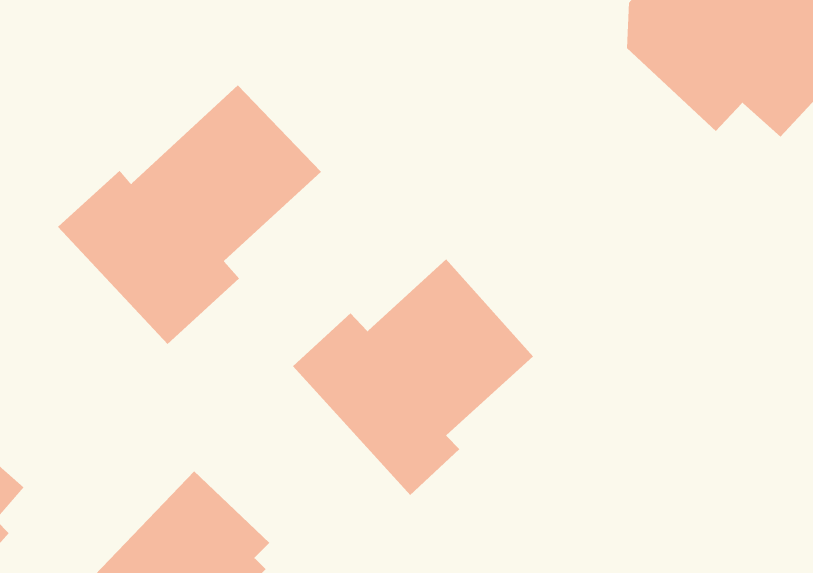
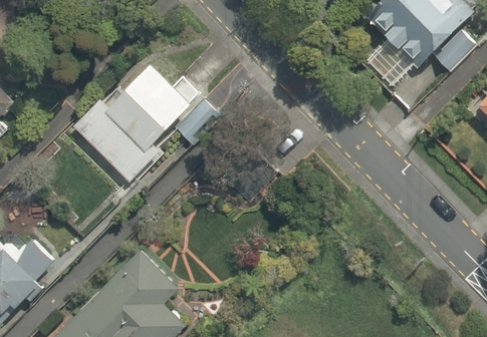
building: [292,259,534,496] -> none

